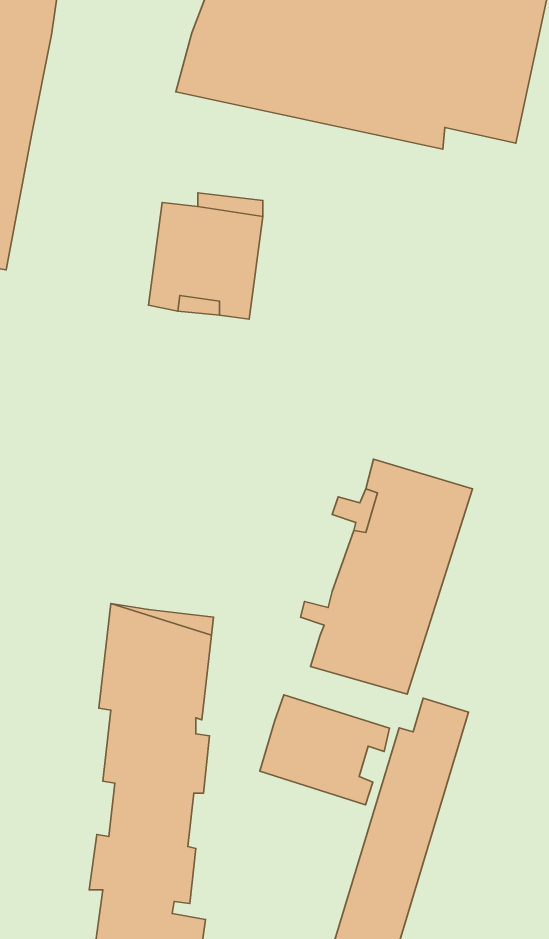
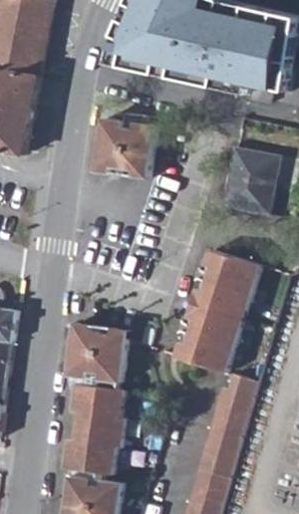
building: none -> [220,149,276,217]
building: [260,695,389,805] -> none

